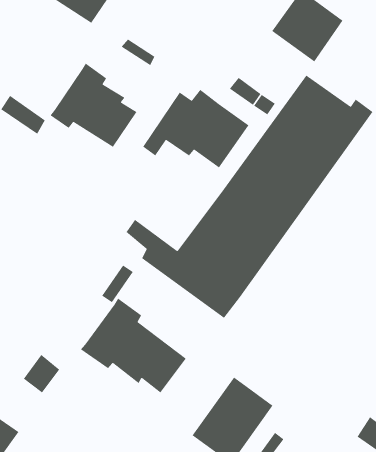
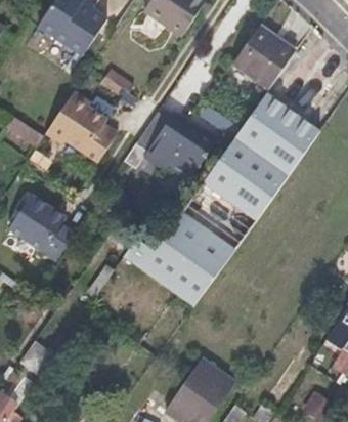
building: none -> [11,194,75,259]
building: [80,297,187,394] -> none

